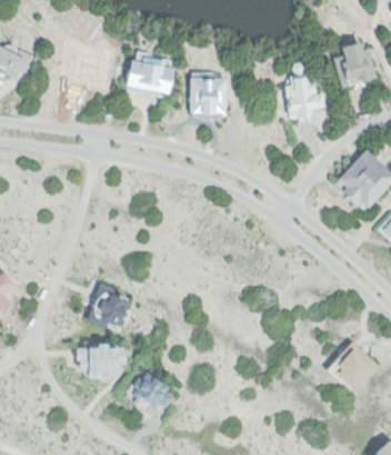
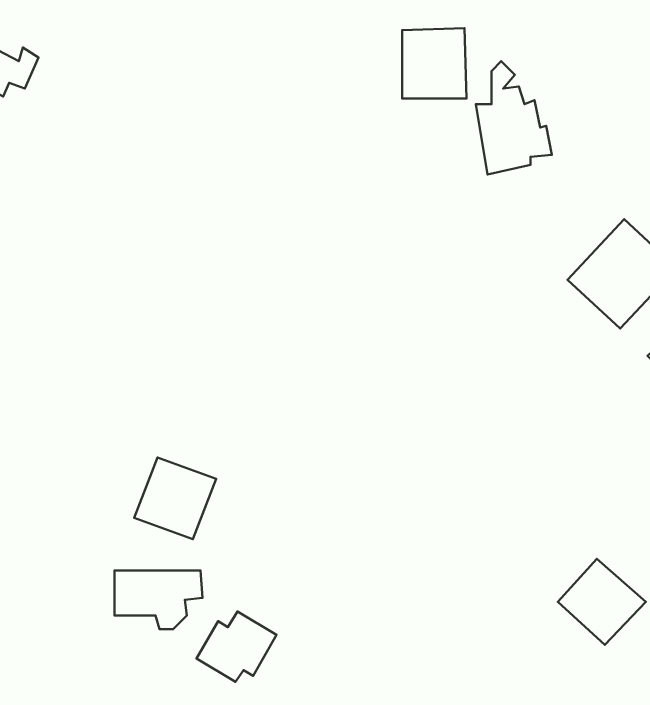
building: [335,40,375,83] -> none
building: [126,51,176,97] -> none
building: [190,75,227,115] -> [402,28,467,98]

